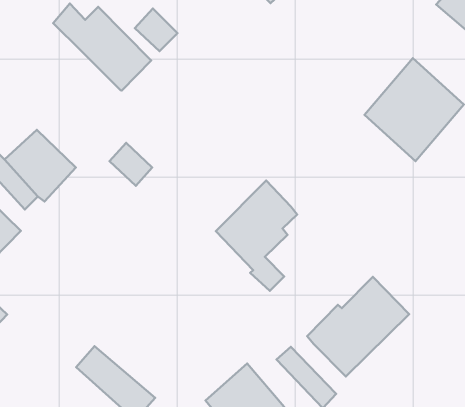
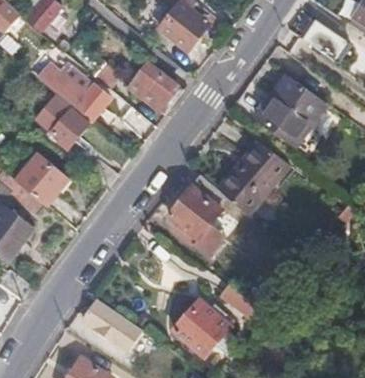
building: none -> [136,67,182,111]
building: none -> [48,97,91,149]
building: [307,277,409,377] -> [218,142,287,213]

